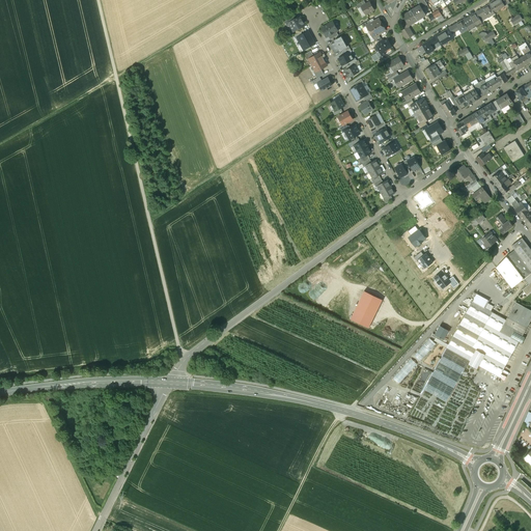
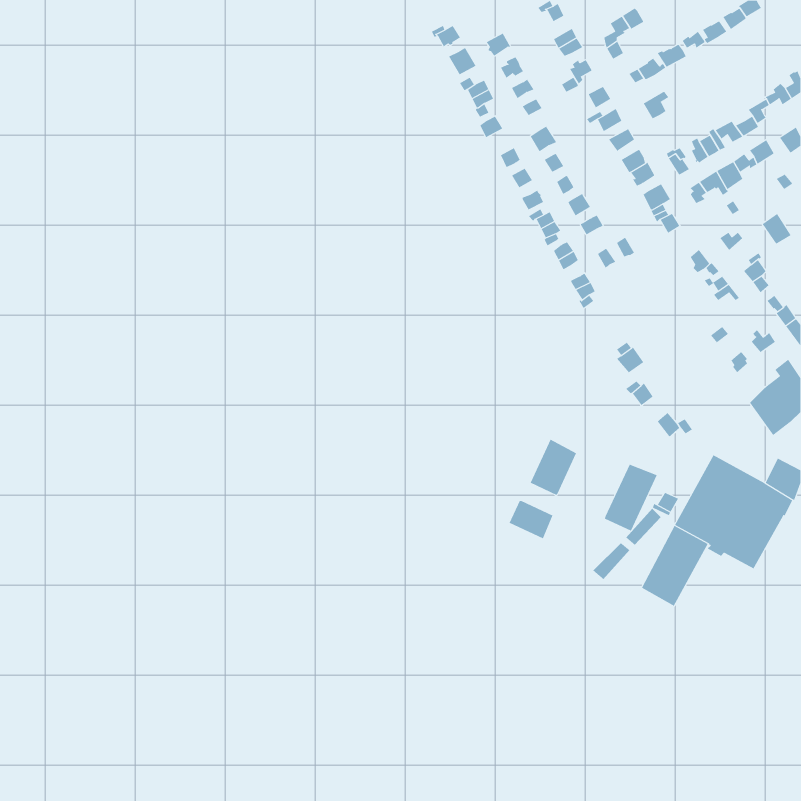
building: none -> [604,464,657,531]
building: none -> [509,500,553,539]

